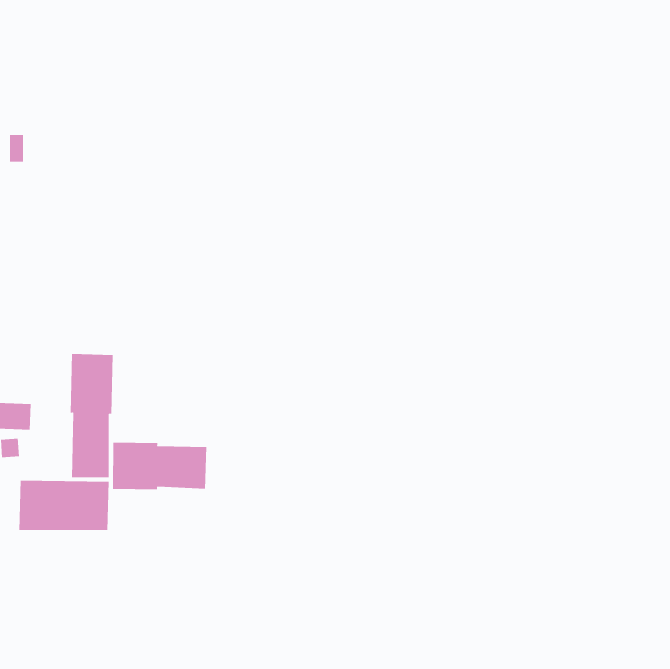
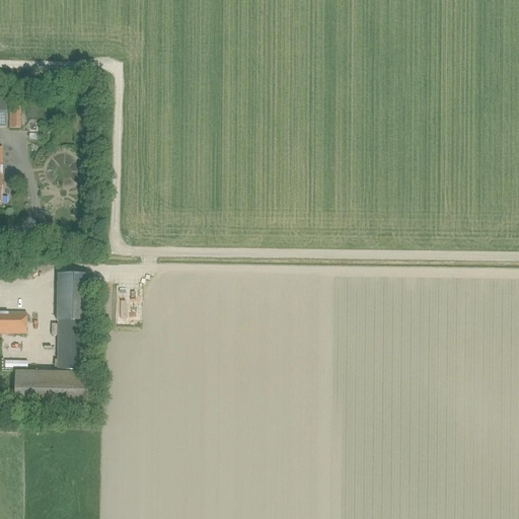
building: [112,442,207,490] -> none

